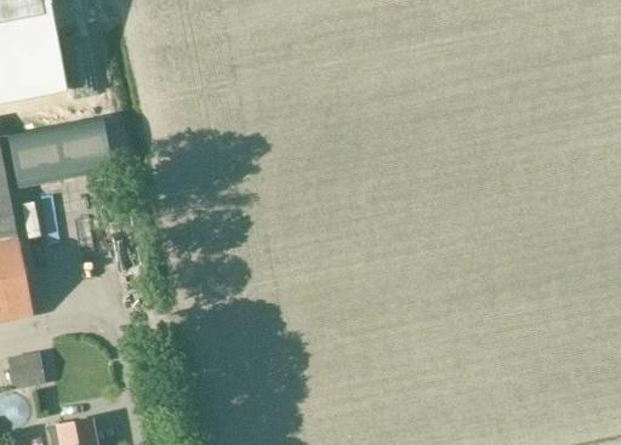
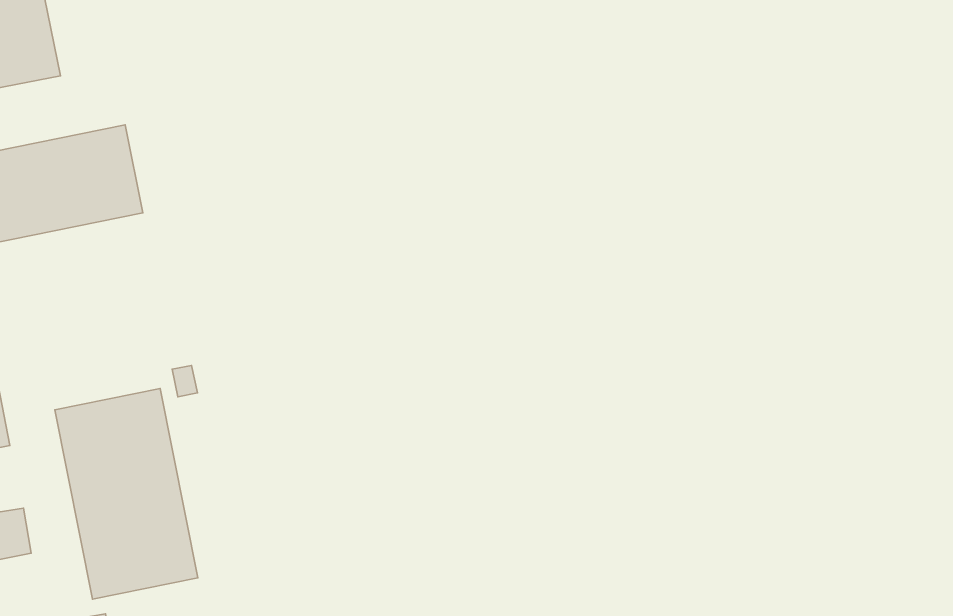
building: none -> [55,388,198,599]

